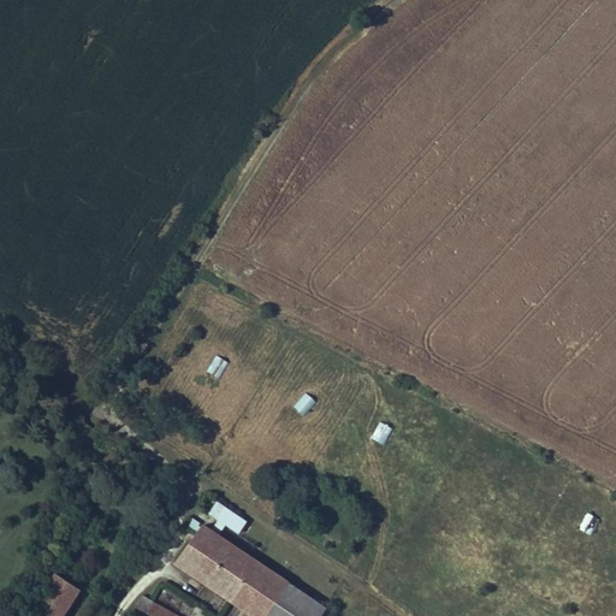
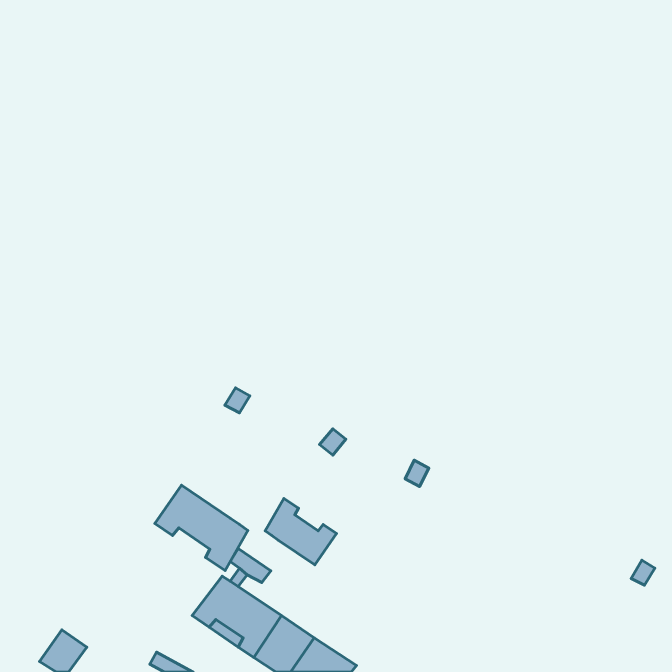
building: none -> [155,485,248,570]
building: none -> [265,498,336,565]

